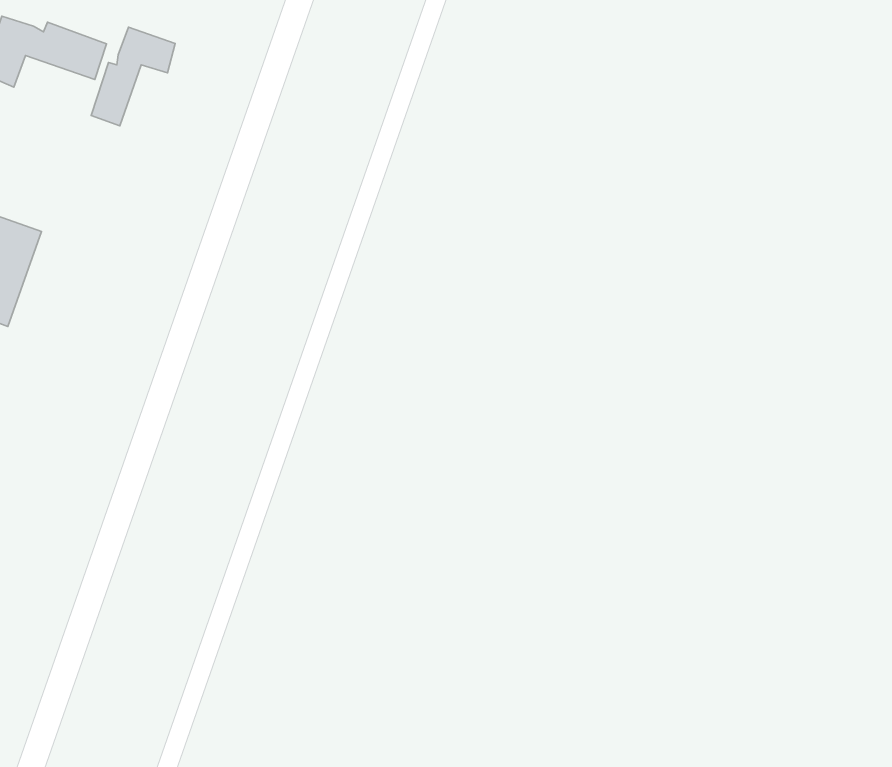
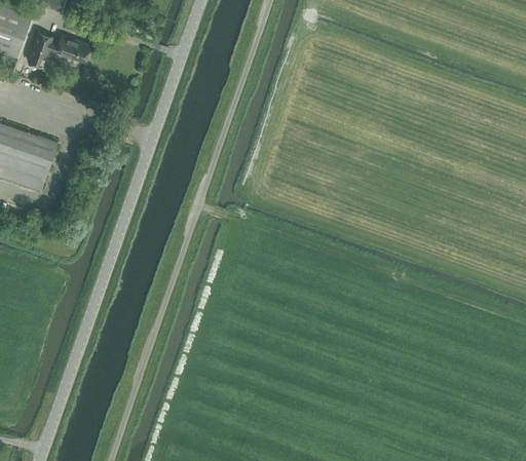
building: [91,27,175,126] -> none

